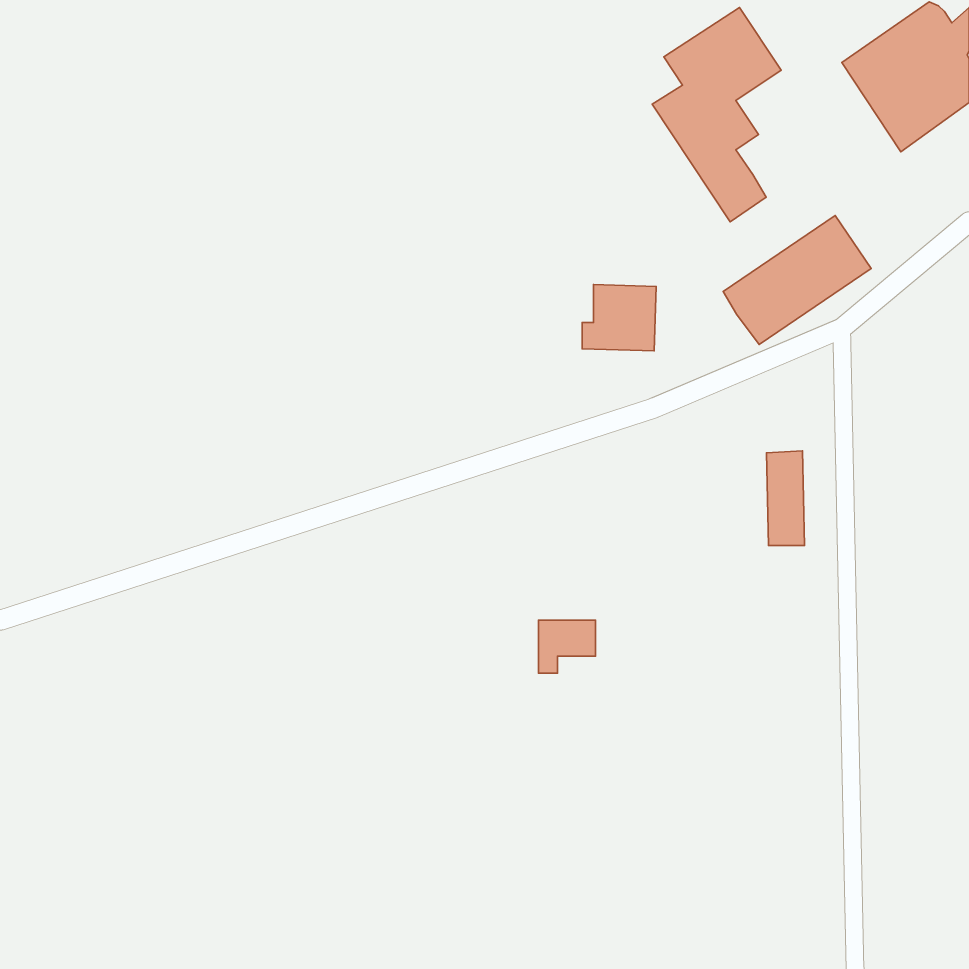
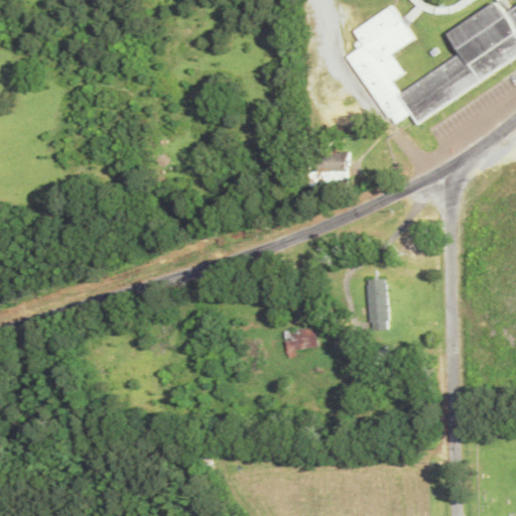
building: [723,215,871,344] -> [400,52,479,121]
building: [767,451,804,546] -> [368,279,388,330]

